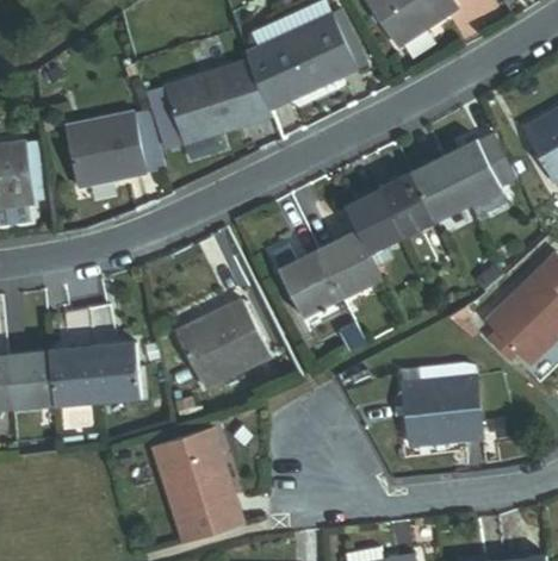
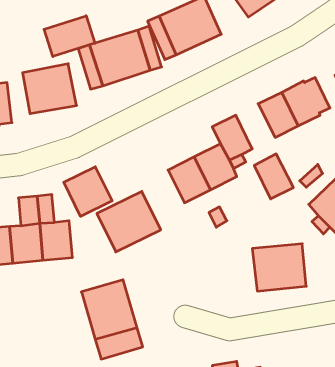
building: none -> [44,16,95,57]
building: [379,172,436,237] -> [254,154,293,199]
building: none -> [64,167,112,216]

